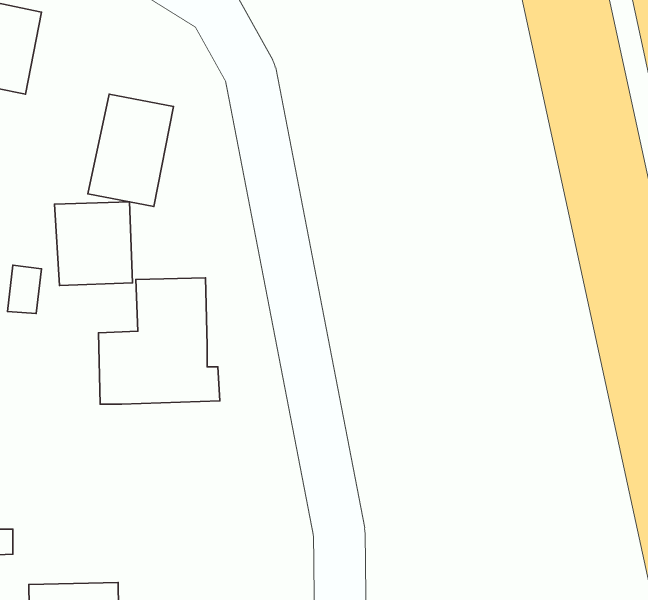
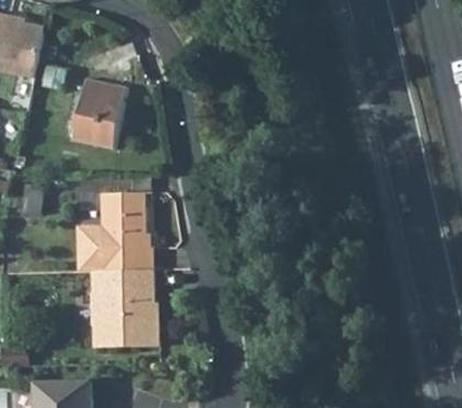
building: [54,202,132,285] -> none
building: none -> [92,269,158,347]

